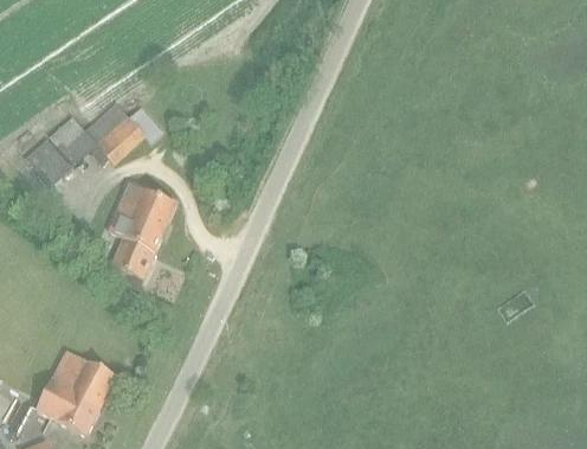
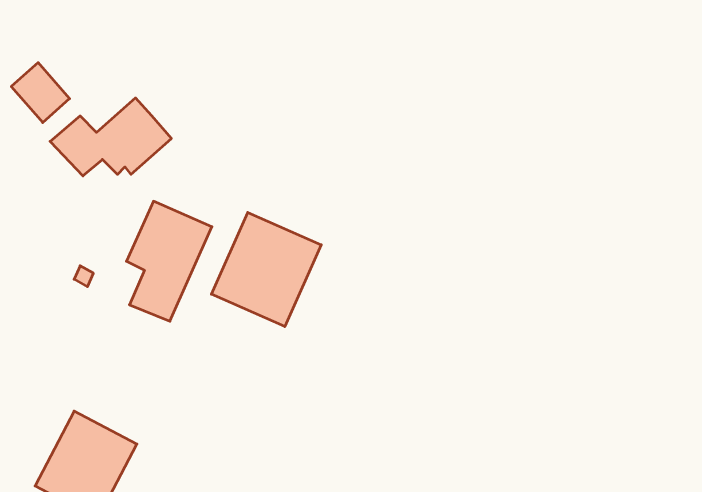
building: [24,140,70,187] -> [11,63,70,123]
building: none -> [211,212,321,327]

